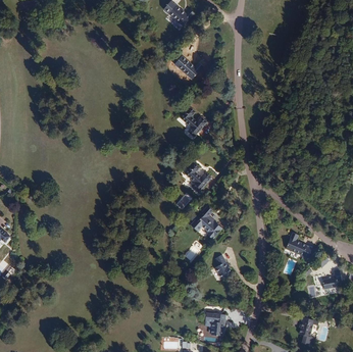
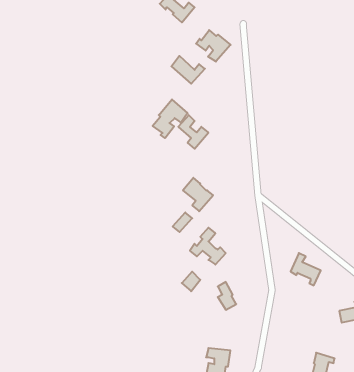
building: none -> [196,30,231,62]
building: none -> [153,99,188,138]

